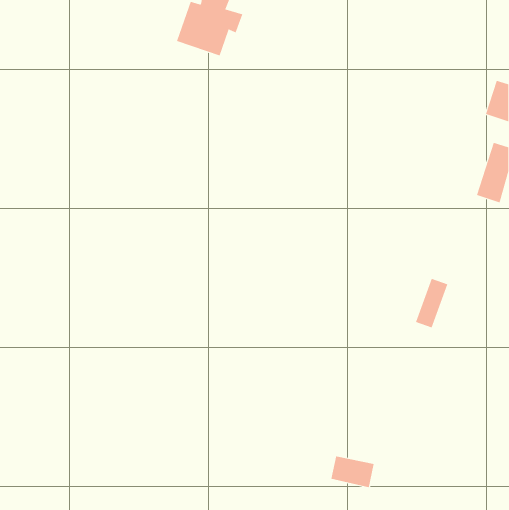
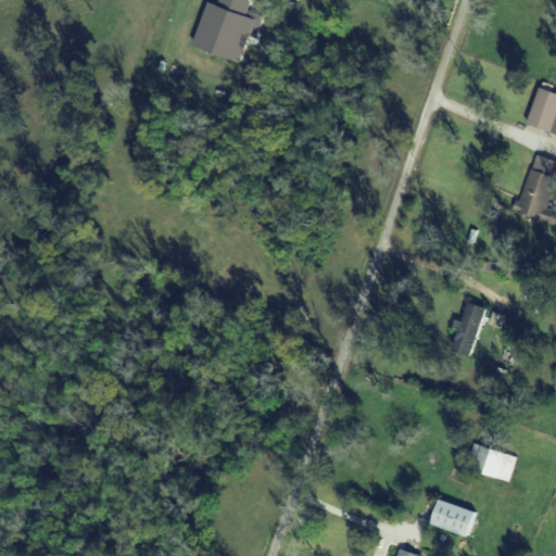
building: none -> [470,444,518,481]
building: [330,456,374,488] -> [430,501,478,535]

